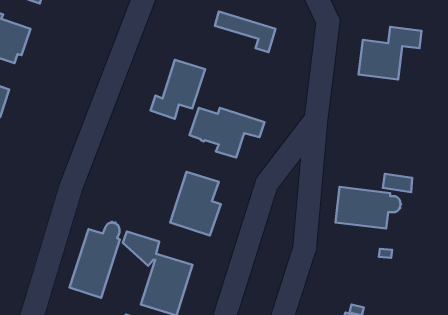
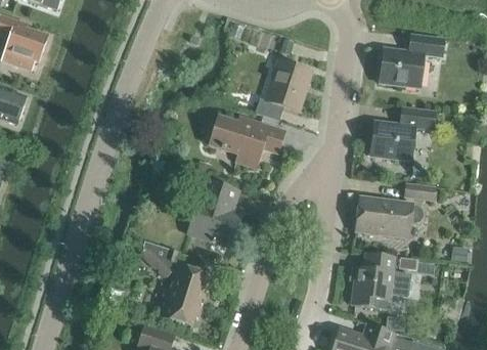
building: [150,60,205,119] -> [255,61,310,121]
building: none -> [370,108,435,161]
building: [70,222,120,298] -> none
building: none -> [350,254,410,309]

